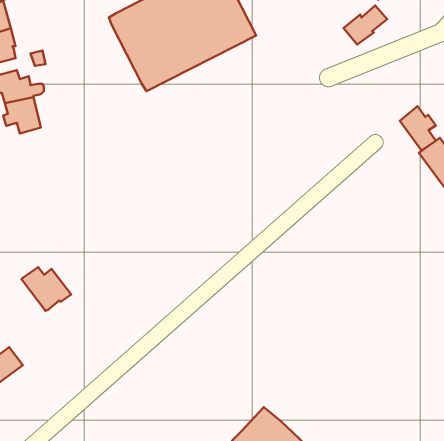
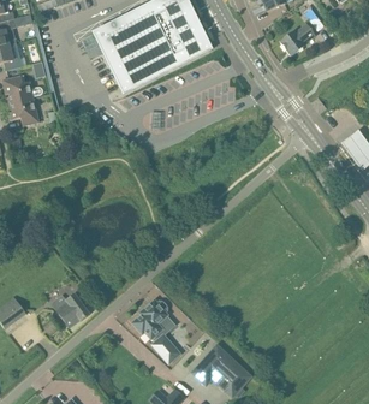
building: [400,106,436,150] -> none
building: [21,267,71,311] -> [50,291,90,326]
building: none -> [132,299,179,362]

